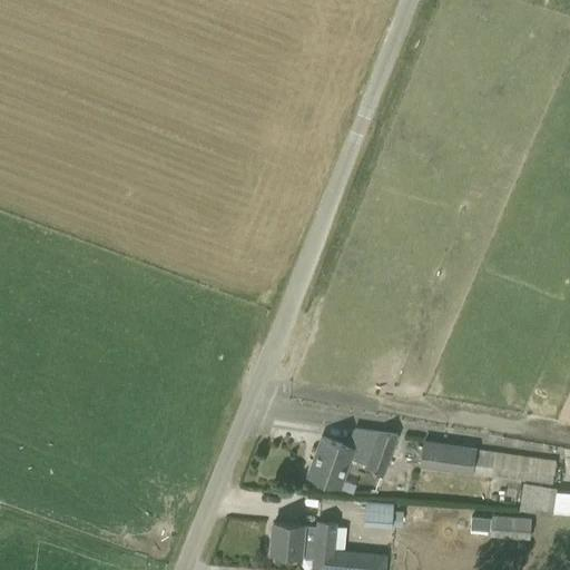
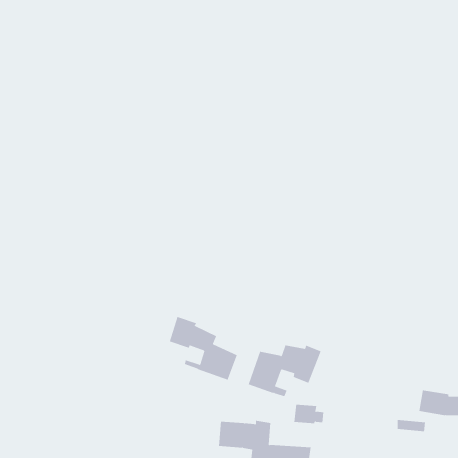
building: none -> [169,316,237,381]
building: [420,441,554,484] -> none

